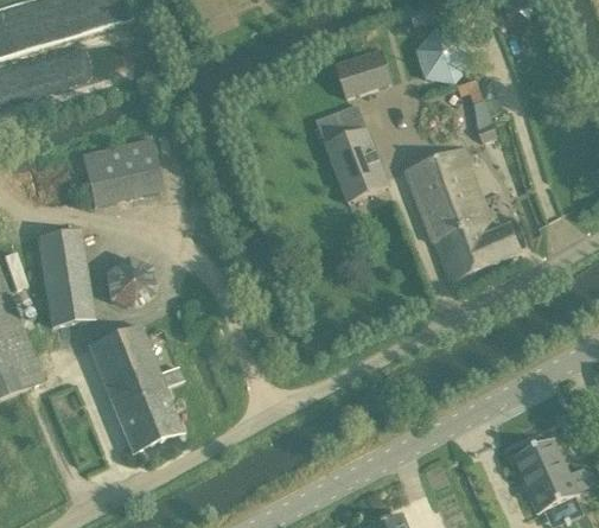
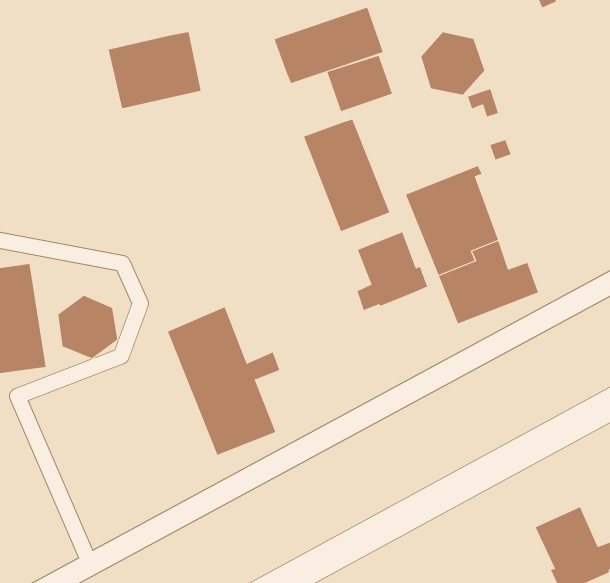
building: none -> [274,7,383,84]
building: [82,139,163,205] -> [108,32,201,109]
building: none -> [357,232,428,311]
building: [89,324,186,452] -> [167,307,280,456]

